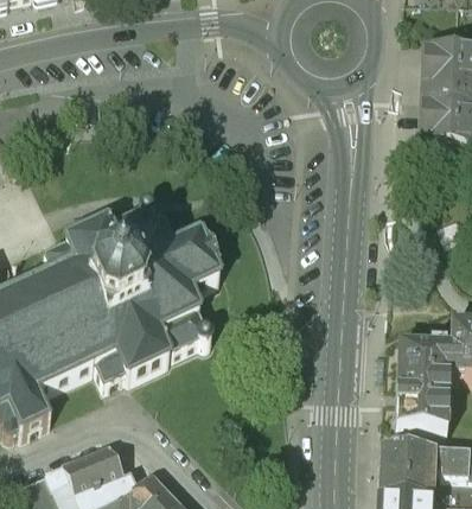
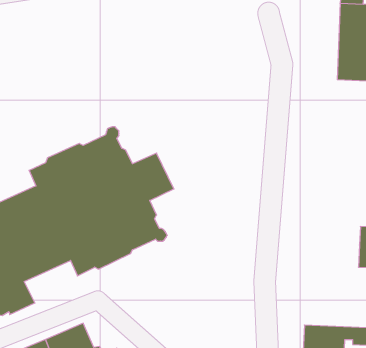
building: [395,344,448,428] -> none

